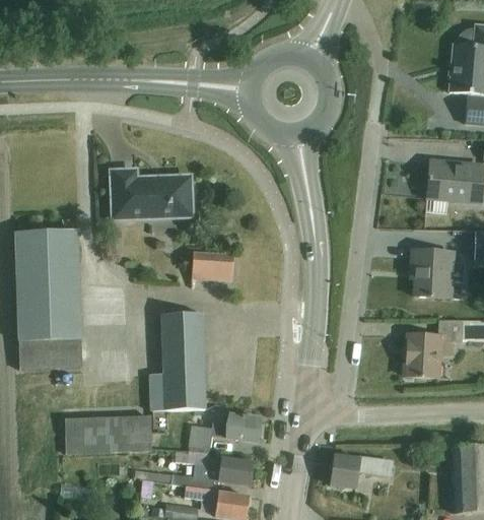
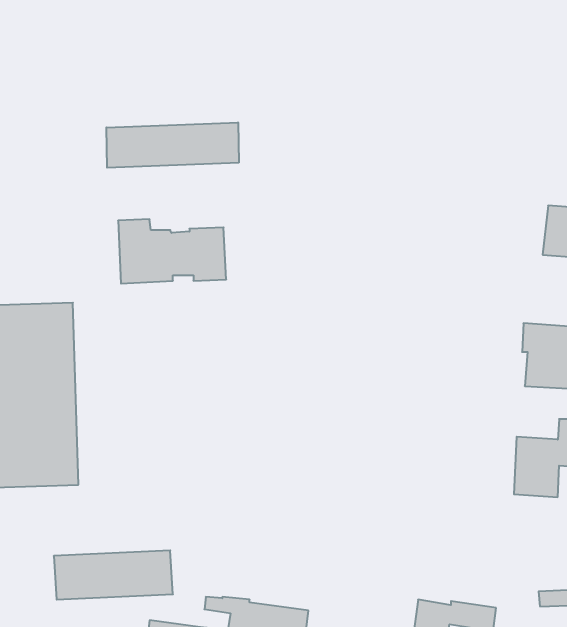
building: none -> [106,122,239,168]
building: [191,253,233,280] -> none
building: [149,313,205,410] -> none
building: [189,414,259,449] -> none

